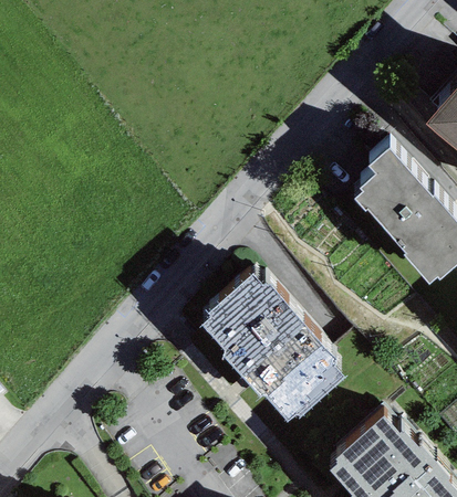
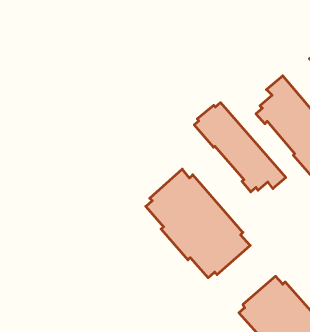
building: none -> [194,103,286,192]

